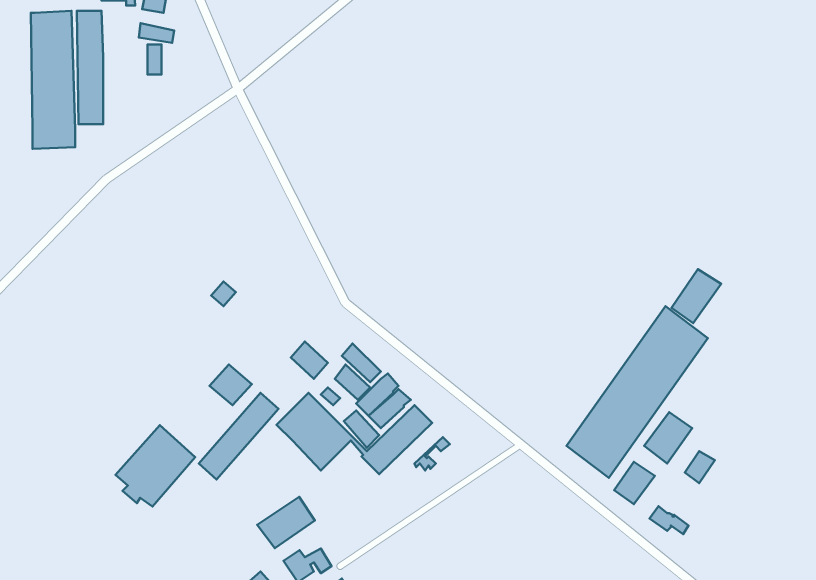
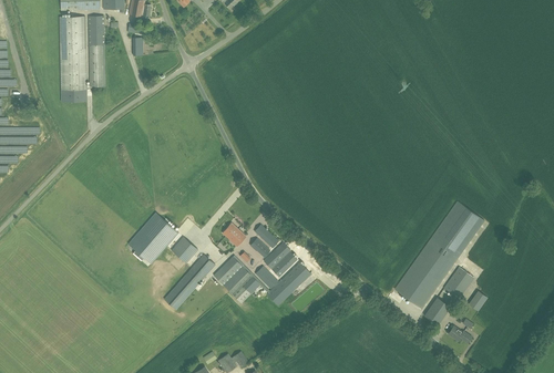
building: [672,269,721,323] -> none
building: [115,425,195,507] -> [127,213,177,263]
building: [257,497,315,548] -> none

